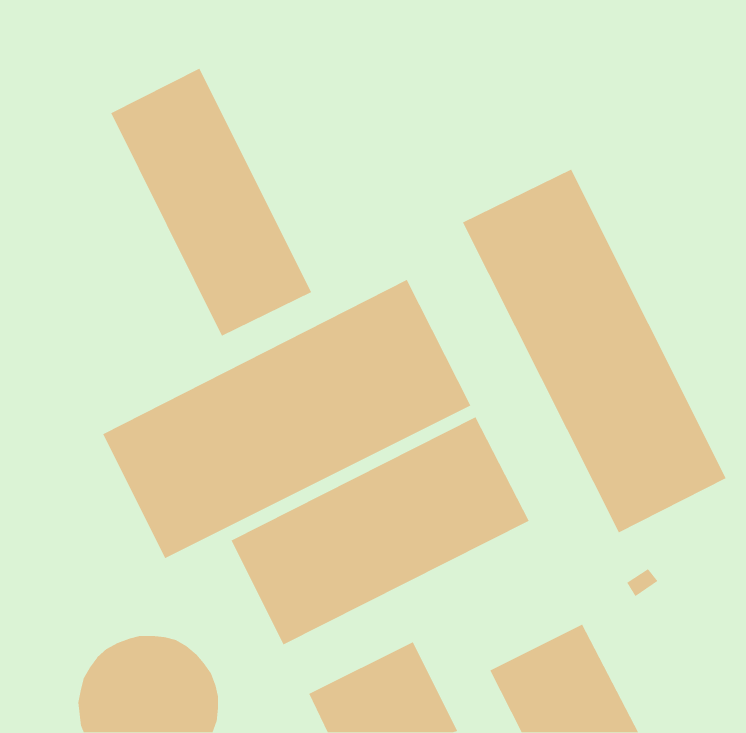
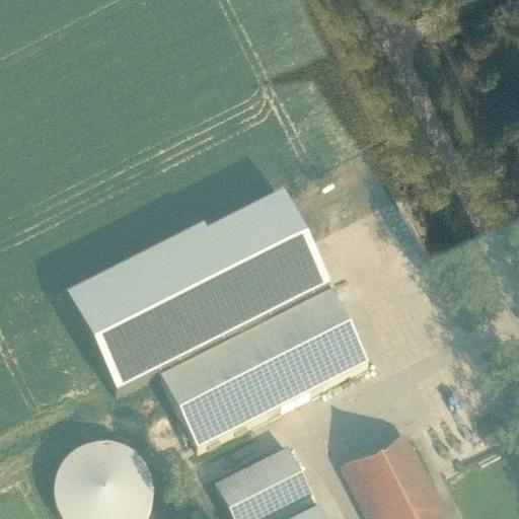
building: [110,68,312,337] -> none
building: [462,168,727,533] -> none

